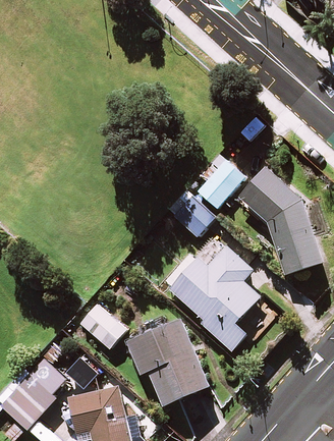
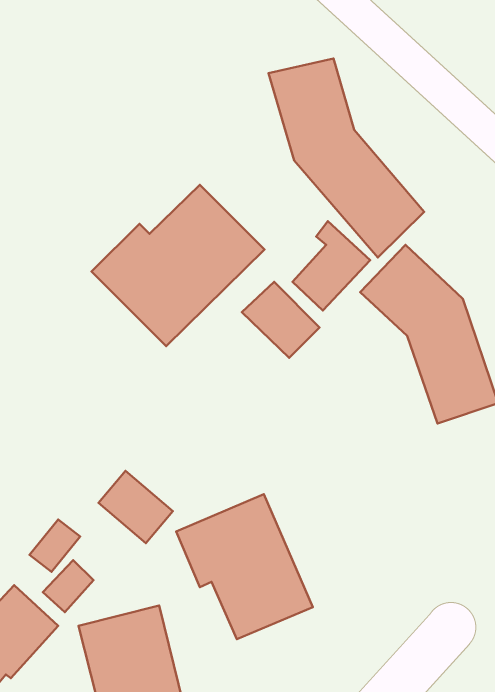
building: none -> [268,59,424,257]
building: none -> [91,185,265,346]
building: [163,245,259,350] -> none

